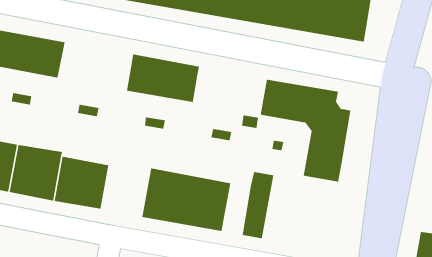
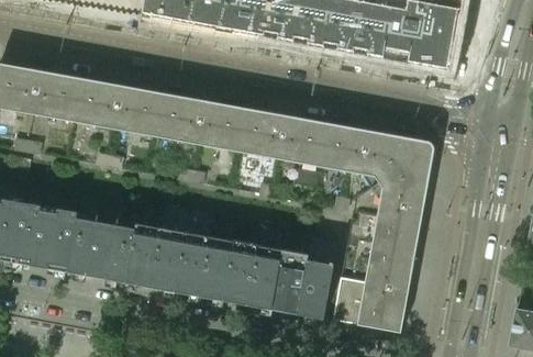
building: none -> [73,77,164,136]
building: none -> [238,107,327,166]
building: none -> [125,222,186,291]
building: none -> [332,241,417,332]
building: none -> [274,249,308,313]

